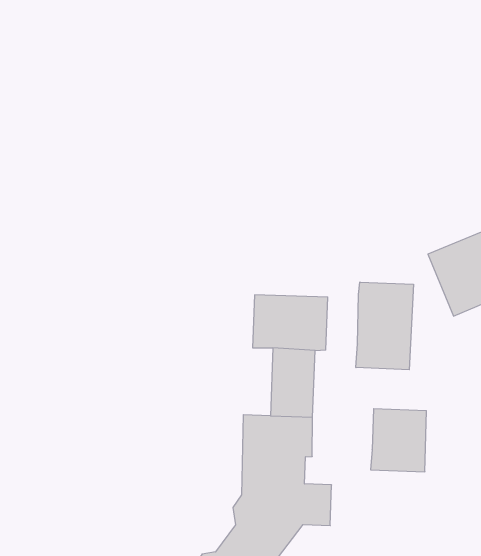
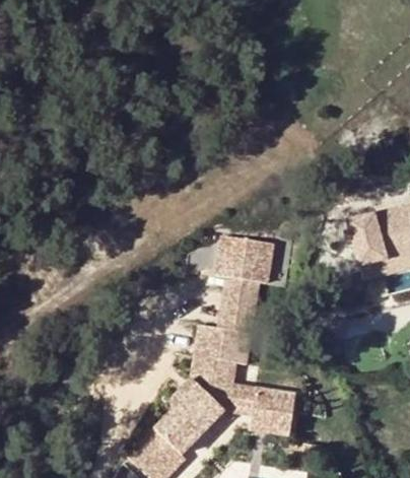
building: [356,282,413,370] -> none
building: [371,409,426,472] -> [254,386,298,435]

